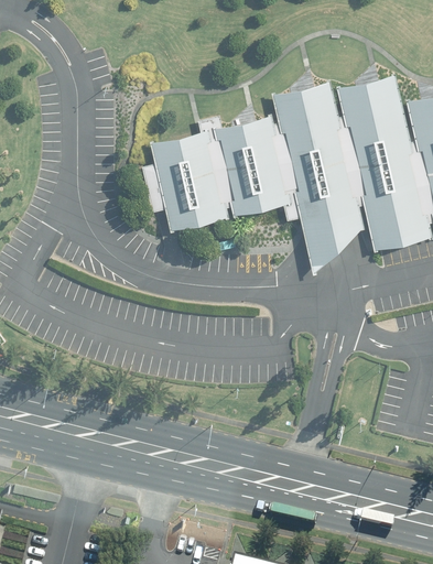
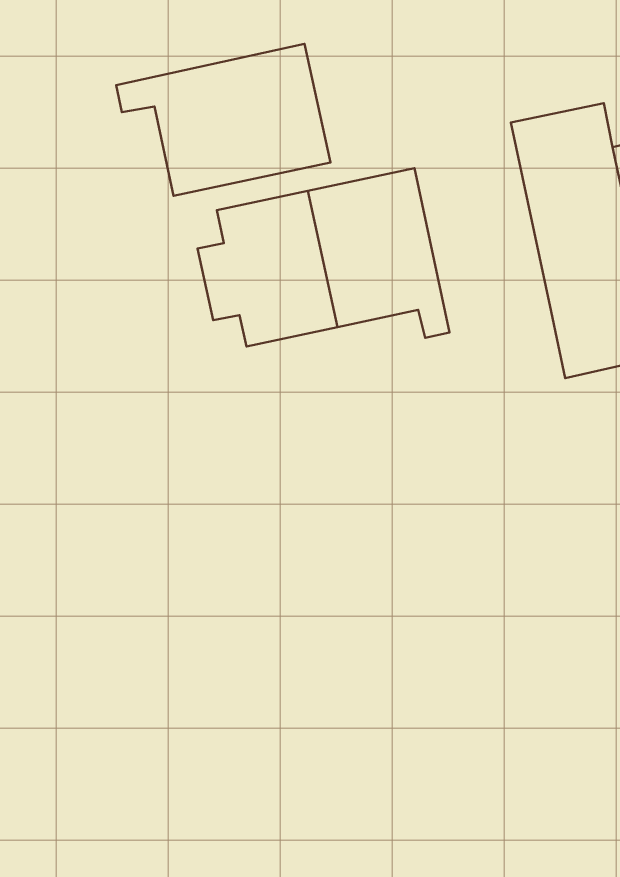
building: none -> [116,44,330,196]
building: [274,83,365,274] -> none

